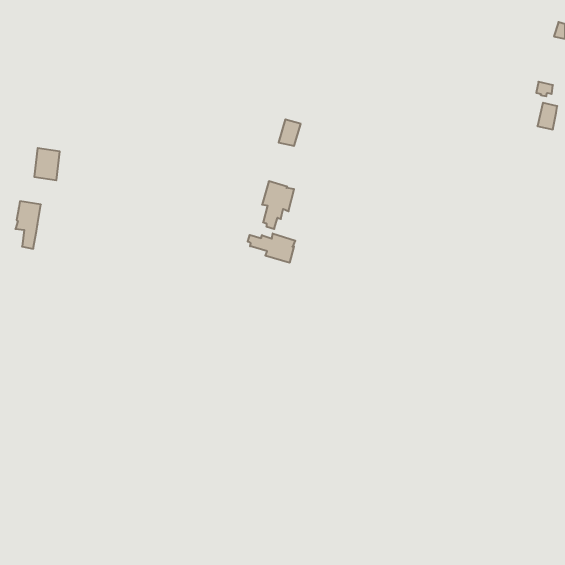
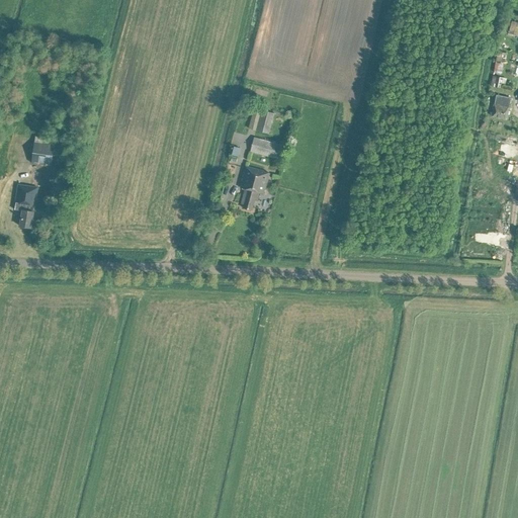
building: none -> [250,137,281,159]
building: [248,233,295,263] -> none

